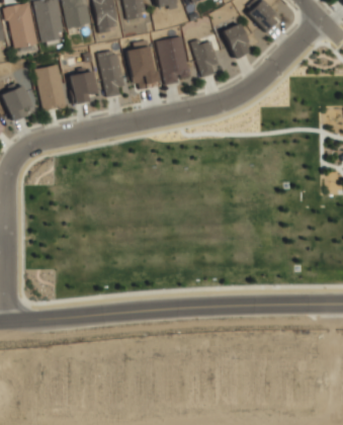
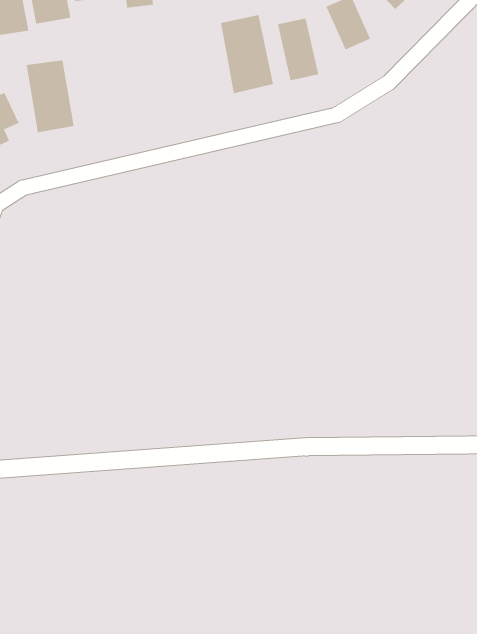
building: [127,46,157,90] -> none
building: [100,50,124,96] -> none
building: [70,70,98,102] -> none

